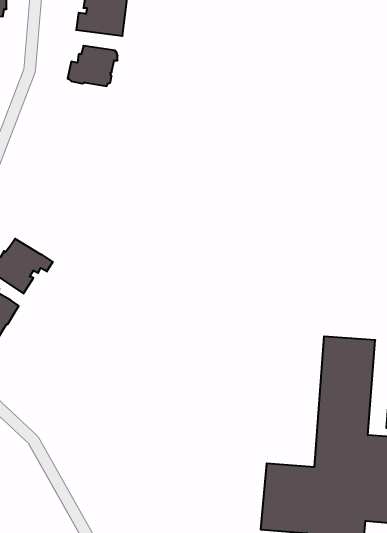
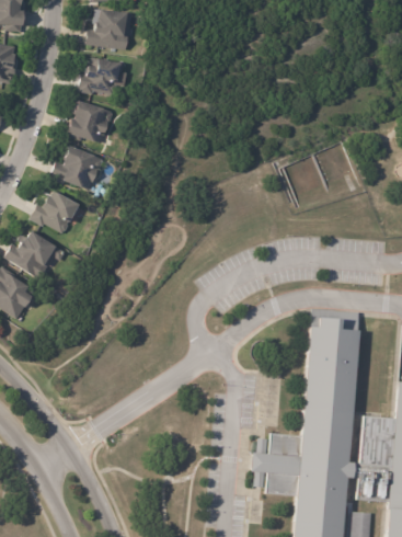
building: none -> [66,99,112,142]
building: none -> [48,145,102,190]
building: none -> [30,193,81,235]

